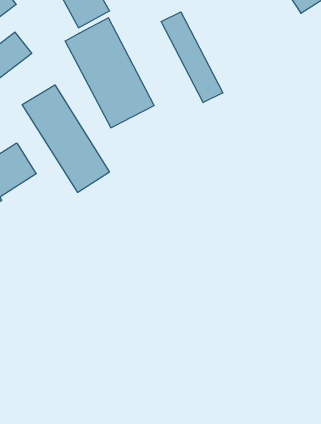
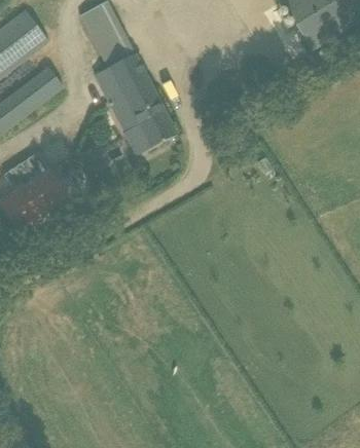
building: [161,12,223,103] -> none
building: [22,85,109,192] -> none

